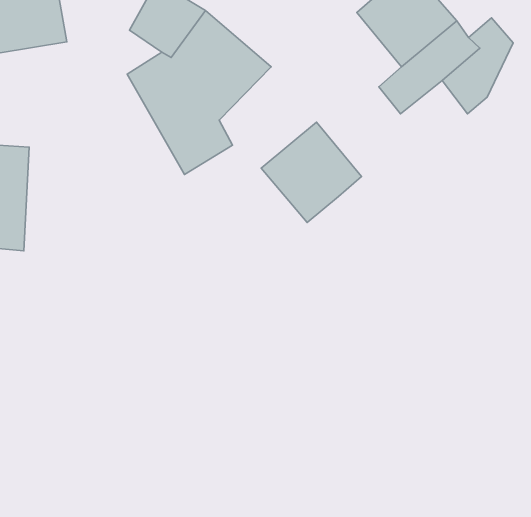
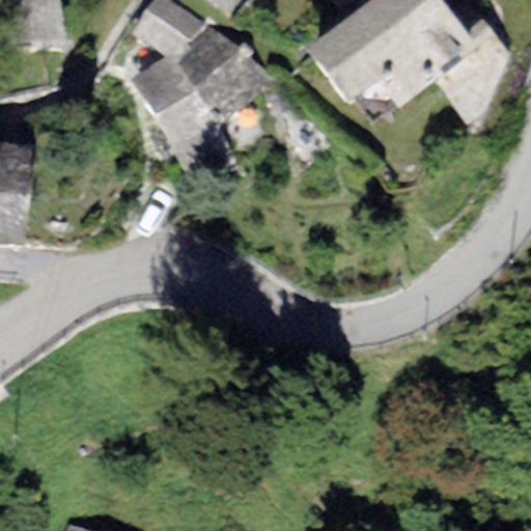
building: [261,122,361,223] -> [300,12,399,112]

